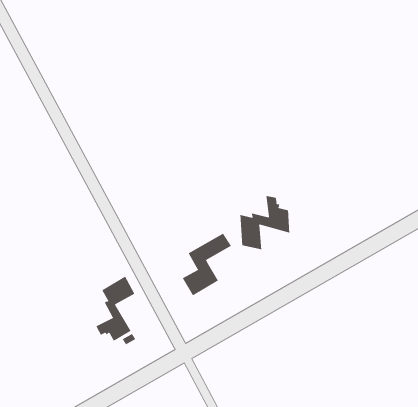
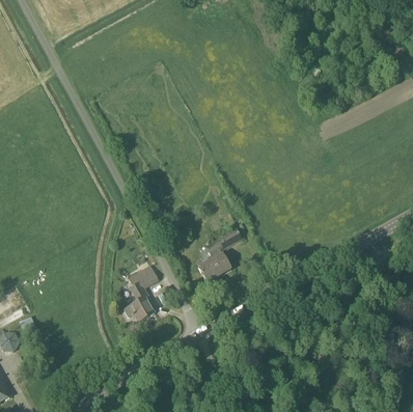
building: [240,195,290,250] -> none

